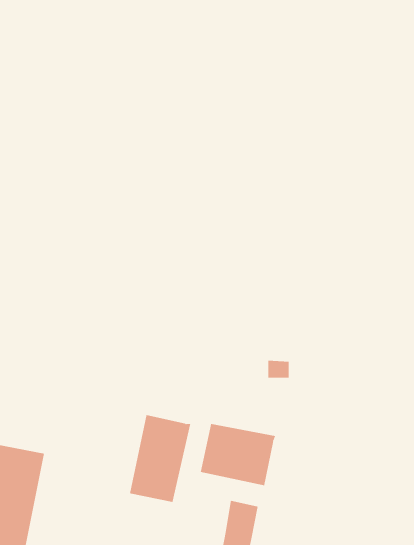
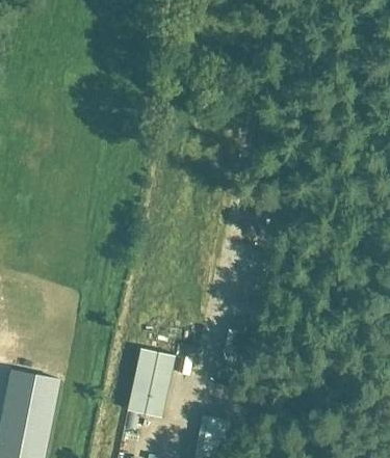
building: [200,423,276,486] -> none

